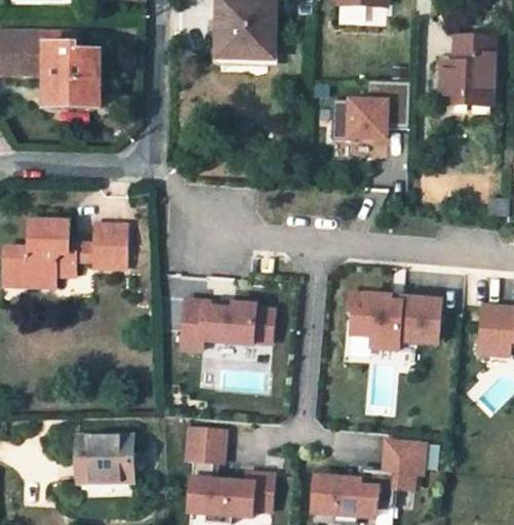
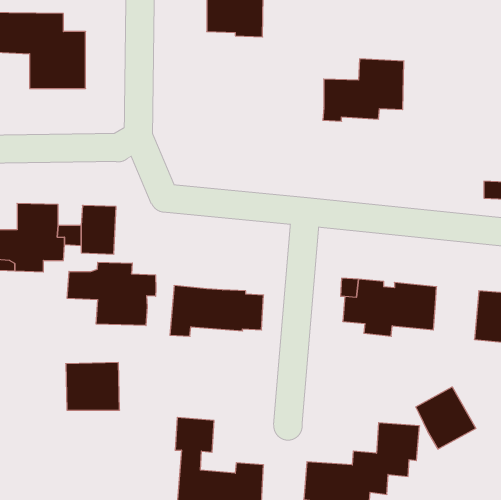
building: [439,38,492,107] -> none
building: none -> [67,262,156,326]
building: none -> [416,387,476,449]
building: [76,435,128,481] -> [66,363,120,410]

